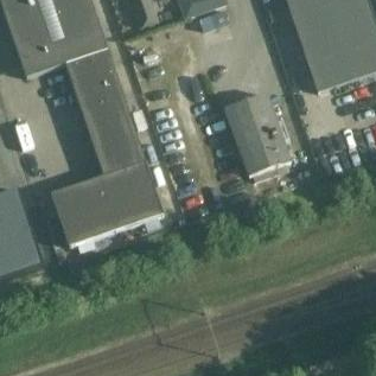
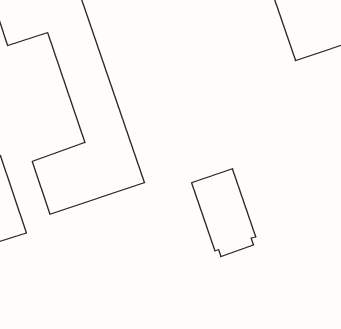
building: [225,94,291,183] -> [192,169,256,257]

